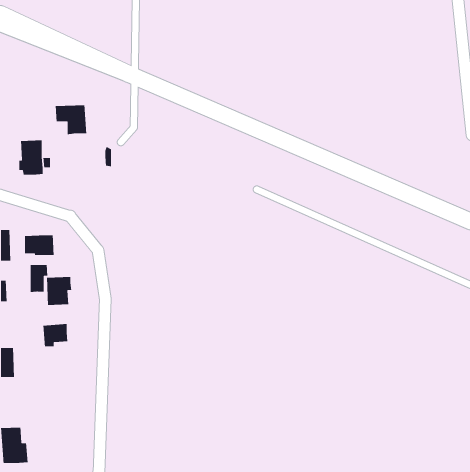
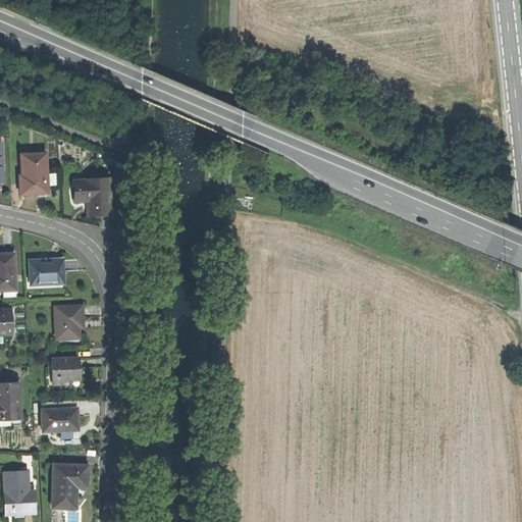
building: [55,105,87,135] -> [76,180,112,214]
building: [30,264,48,293] -> none
building: none -> [40,407,75,430]
building: none -> [52,463,87,505]

